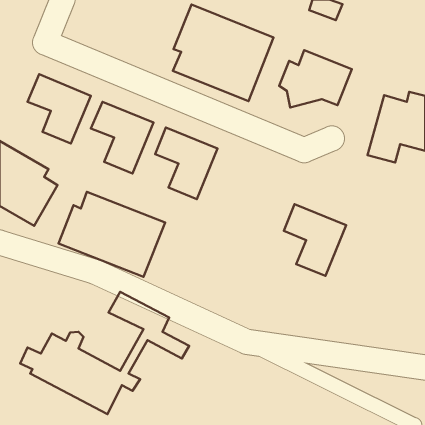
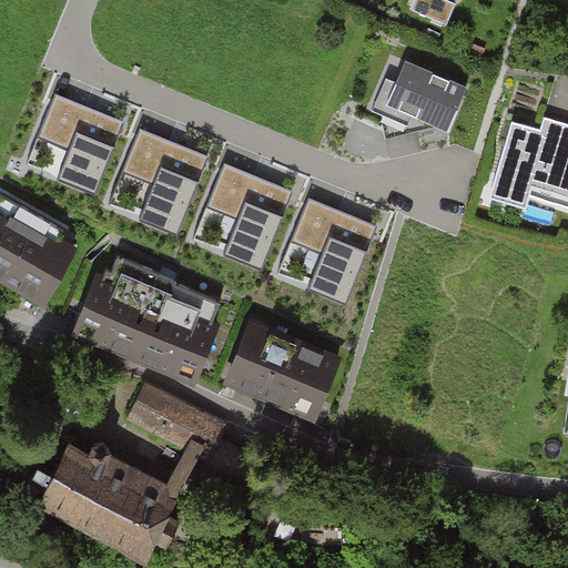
building: [173,5,274,101] -> none
building: [284,204,346,276] -> [291,204,374,300]
building: none -> [227,314,341,410]

